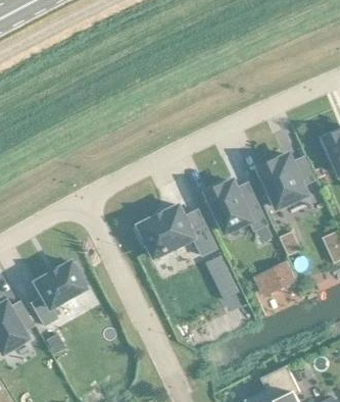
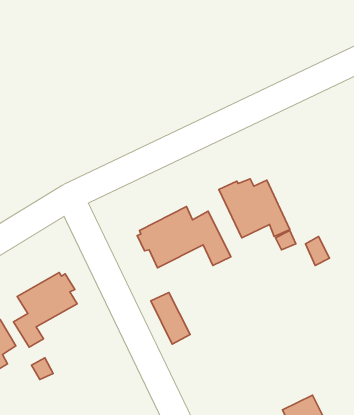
building: [258,156,314,208] -> none
building: [205,256,239,300] -> [151,293,190,344]
building: [253,261,295,297] -> none

